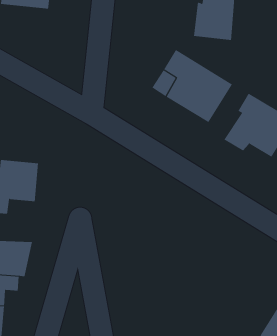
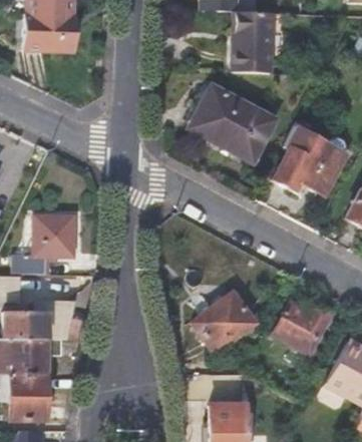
building: none -> [191,292,258,356]
building: none -> [270,301,331,358]

